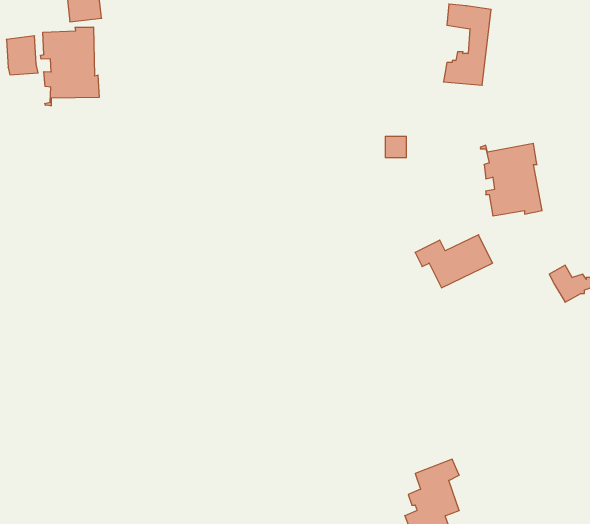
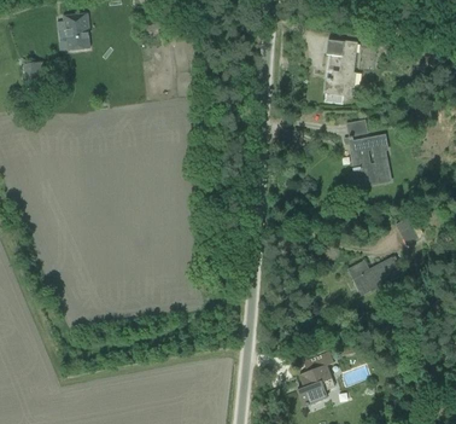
building: [40,27,99,106] -> none
building: [415,235,493,288] -> [347,257,401,294]

